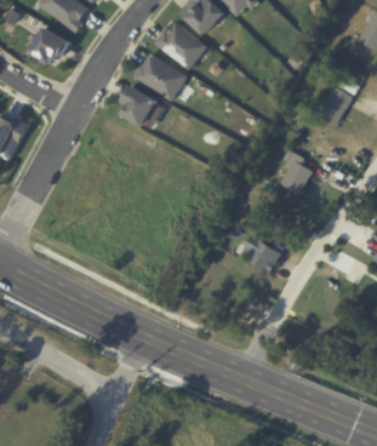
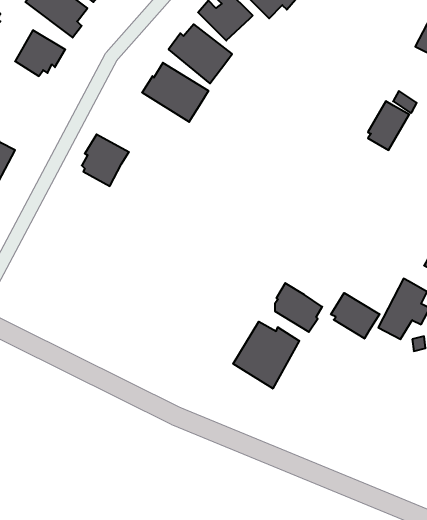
building: [119,86,158,128] -> [82,134,129,186]
building: [280,148,313,194] -> none
building: none -> [331,293,380,339]
building: none -> [233,322,299,389]

